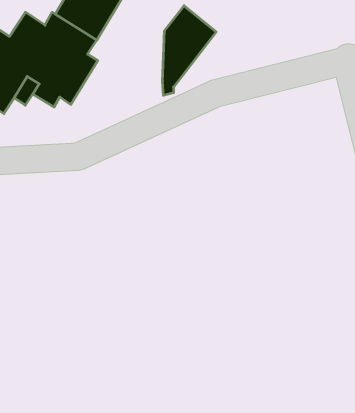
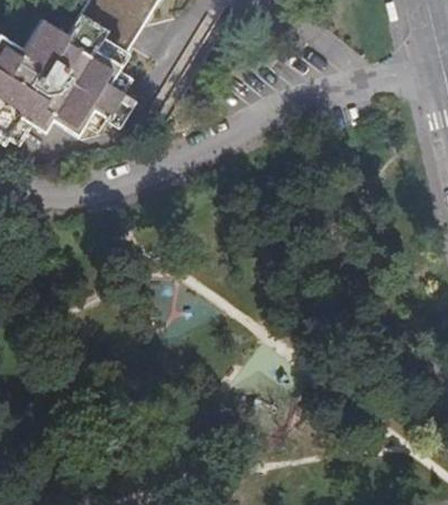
building: [163,6,216,95] -> none

